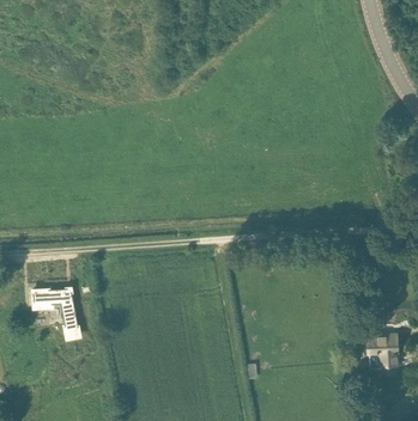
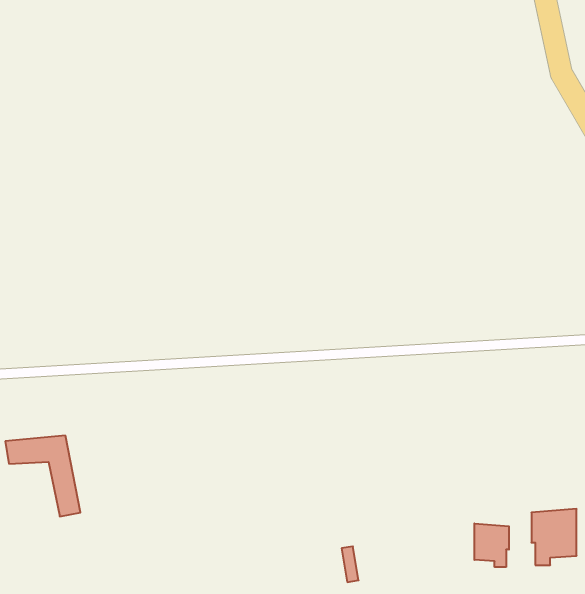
building: none -> [474,523,509,567]

